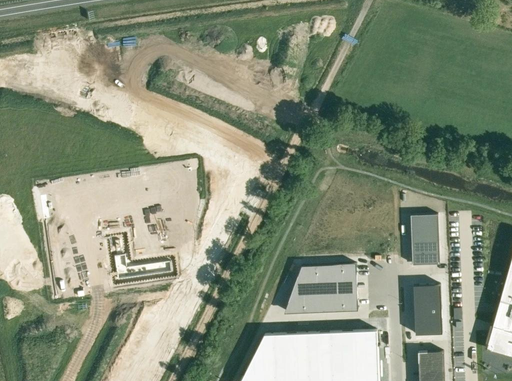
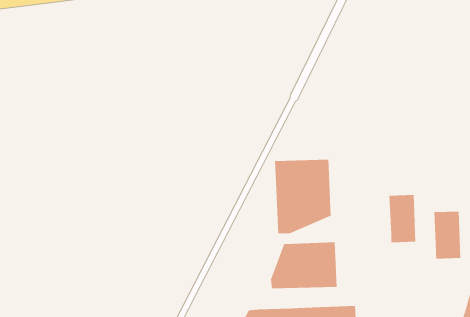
building: none -> [274,159,331,234]
building: [414,285,443,335] -> [433,211,461,259]

